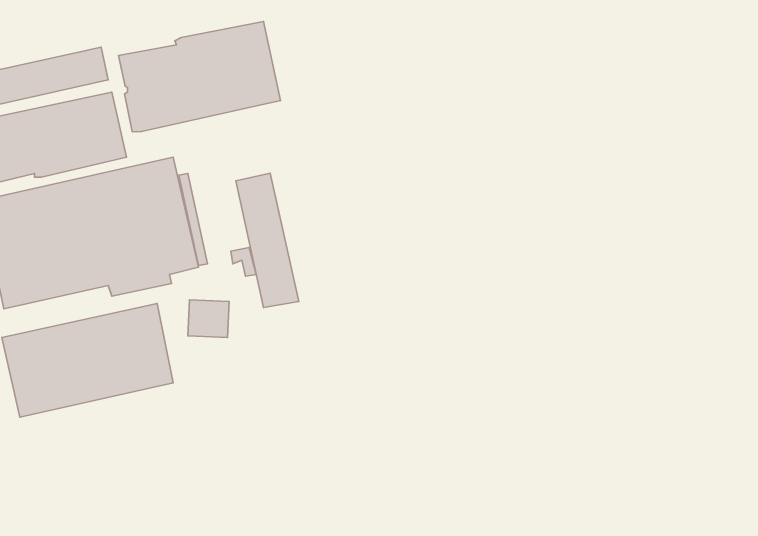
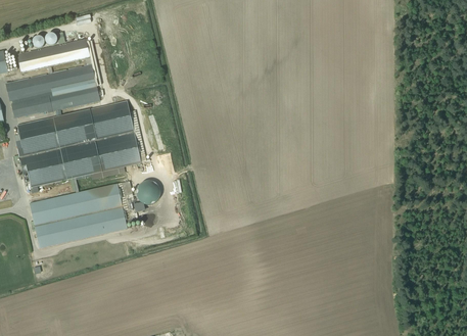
building: [118,21,280,132] -> none
building: [236,173,299,307] -> none

